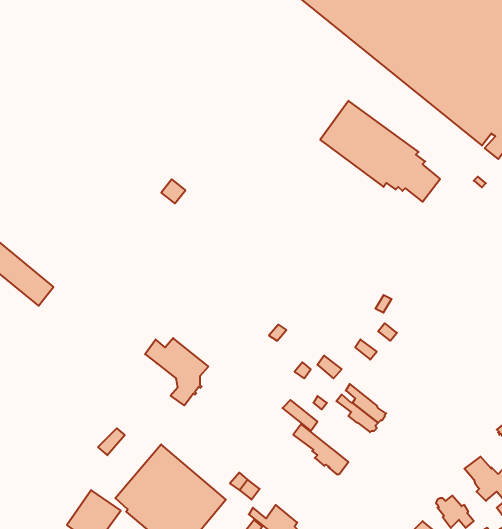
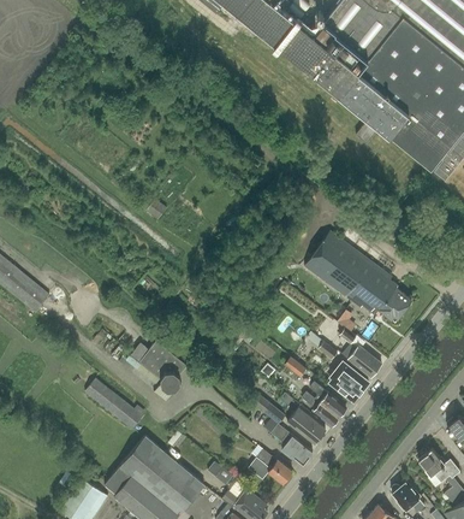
building: [320,101,440,202] -> [304,231,411,322]
building: none -> [347,346,382,377]
building: none -> [331,361,369,401]
building: none -> [84,378,144,430]
building: none -> [286,408,325,444]
building: none -> [248,449,292,483]

